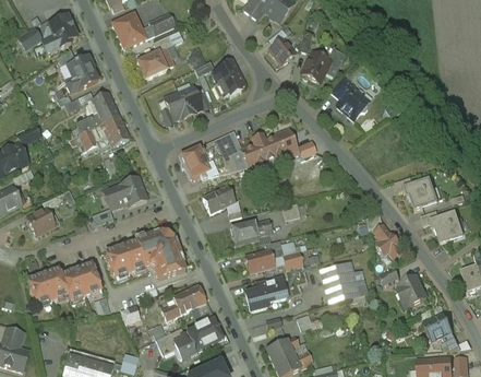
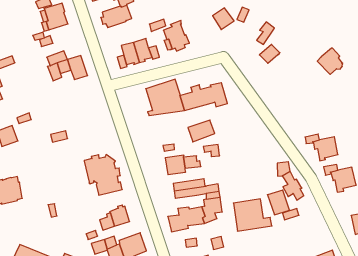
building: [300,51,330,83] -> none
building: [336,86,366,118] -> [317,48,343,74]
building: [91,92,117,121] -> none
building: [180,145,209,178] -> none
building: [107,176,146,207] -> none
building: [202,185,235,213] -> [188,120,215,142]
building: [105,240,144,275] -> none
building: [61,263,100,299] -> none
building: [398,274,426,305] -> [267,190,290,215]

